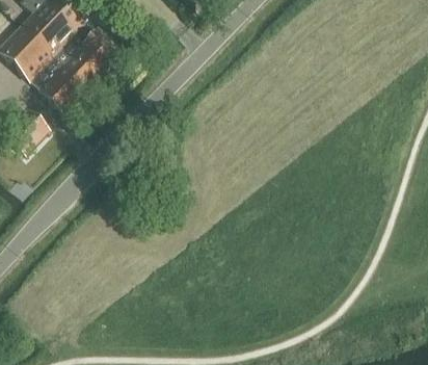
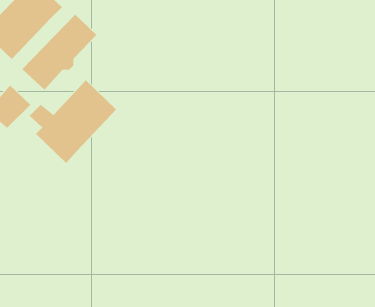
building: none -> [29,80,117,164]

